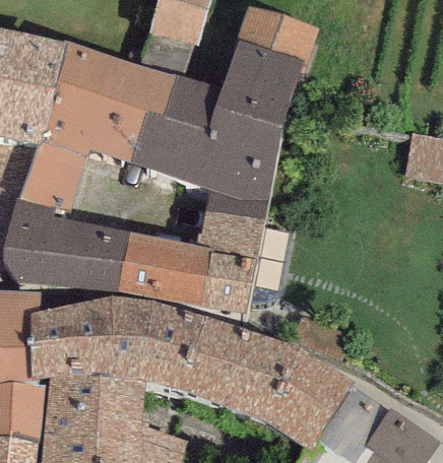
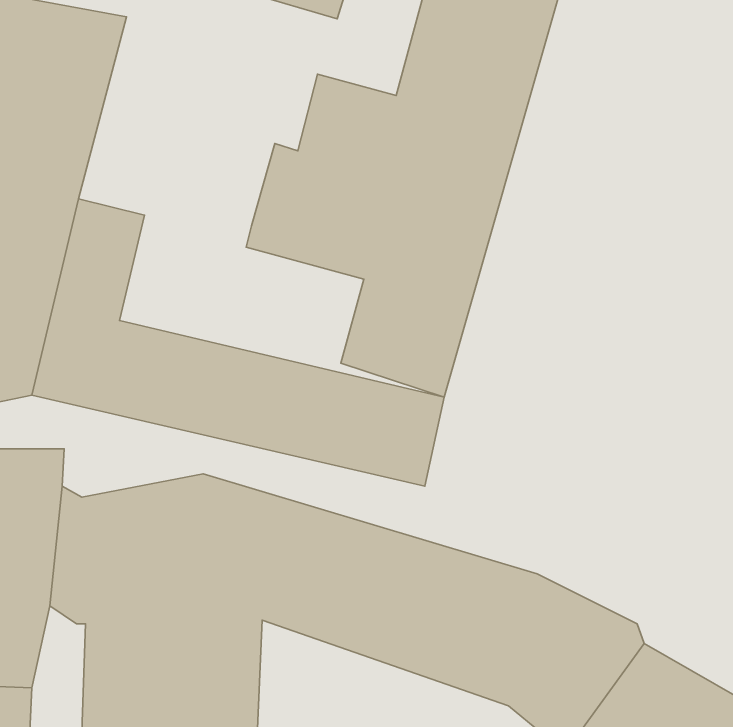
building: [46,49,182,168] -> none

